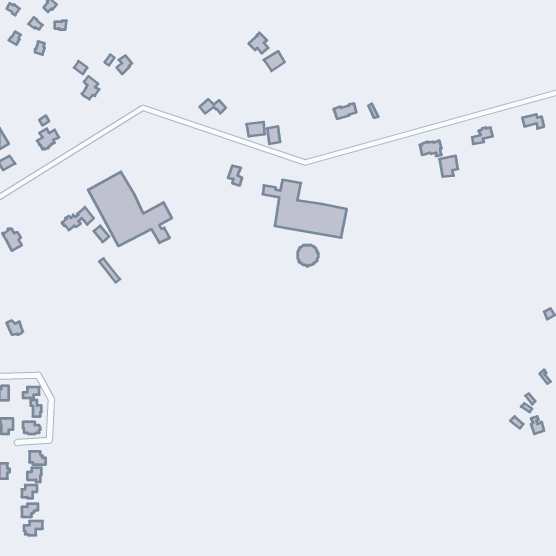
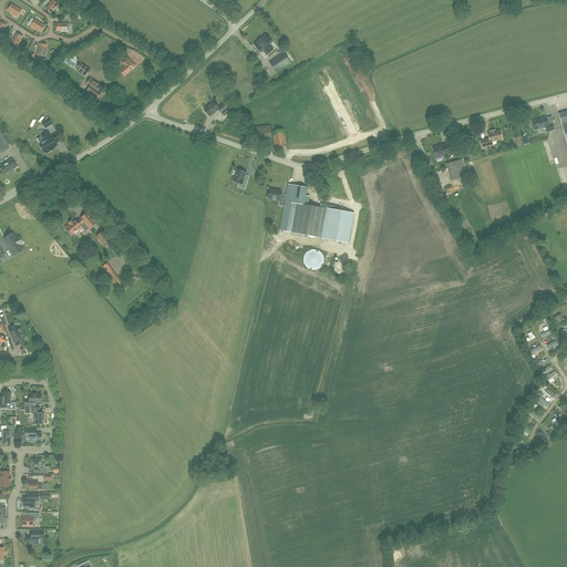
building: [88,172,172,246] -> none

